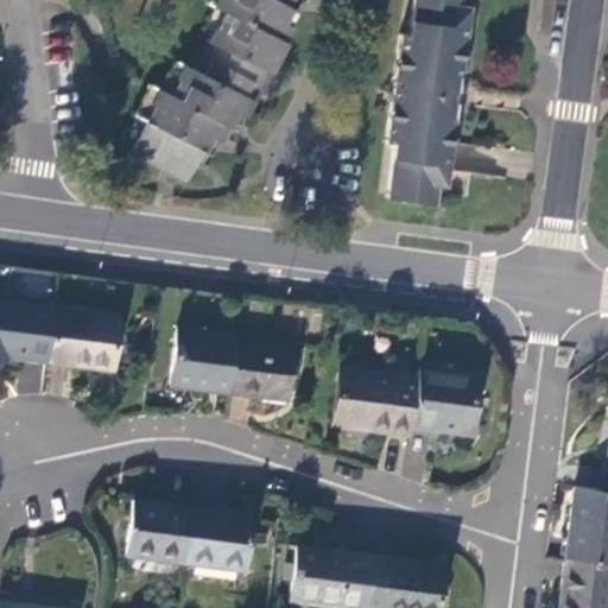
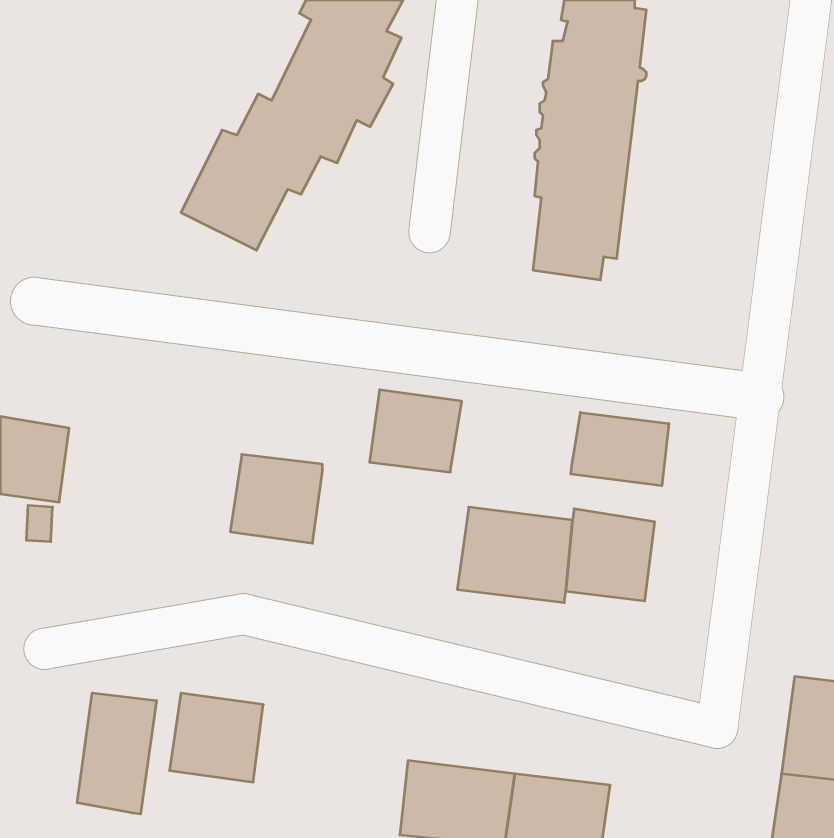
building: none -> [571,412,669,486]
building: [48,311,120,373] -> none
building: [230,342,297,401] -> [370,390,462,472]
building: none -> [77,693,157,814]
building: [188,511,253,574] -> none

